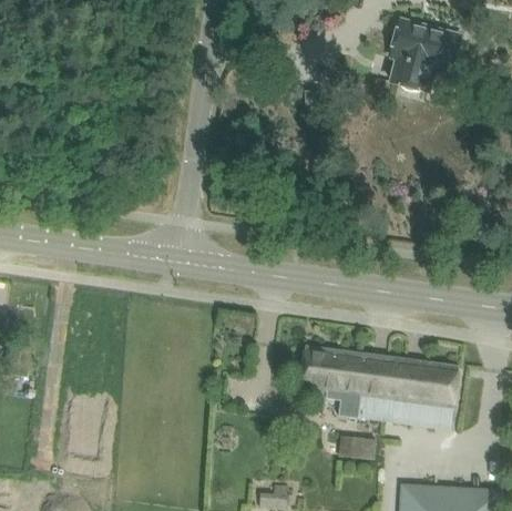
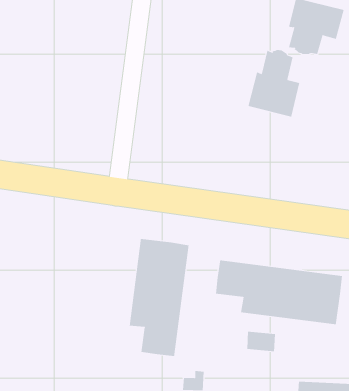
building: none -> [248,49,300,118]
building: none -> [129,238,189,357]

